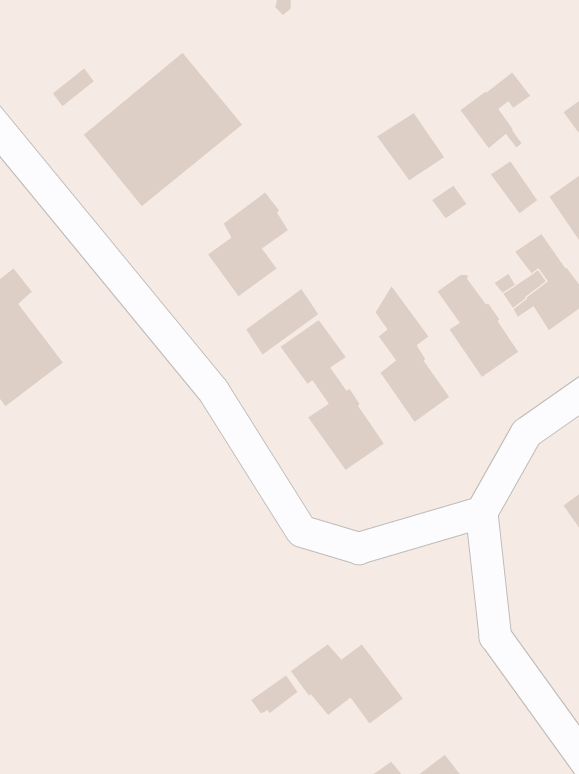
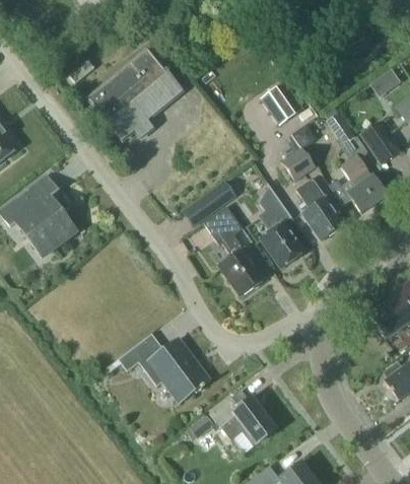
building: [459,72,531,149] -> none
building: [207,192,289,297] -> none
building: none -> [282,147,315,180]
building: none -> [119,333,209,399]

